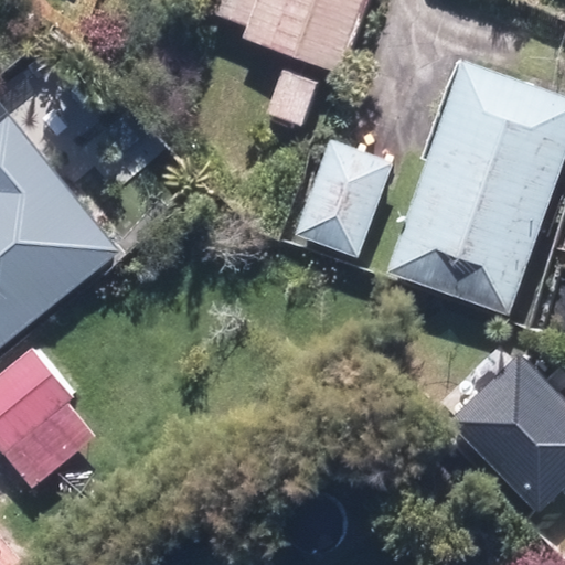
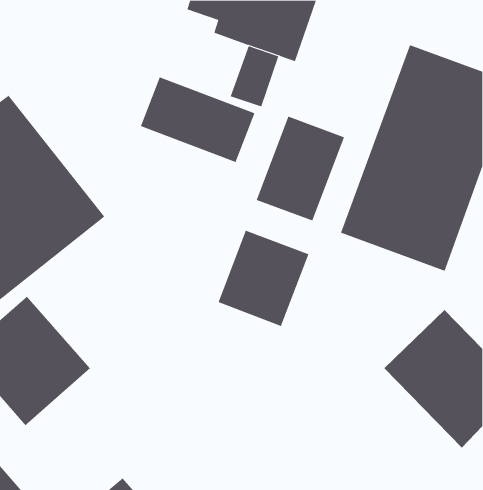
building: none -> [140,77,255,163]
building: none -> [218,230,309,327]

